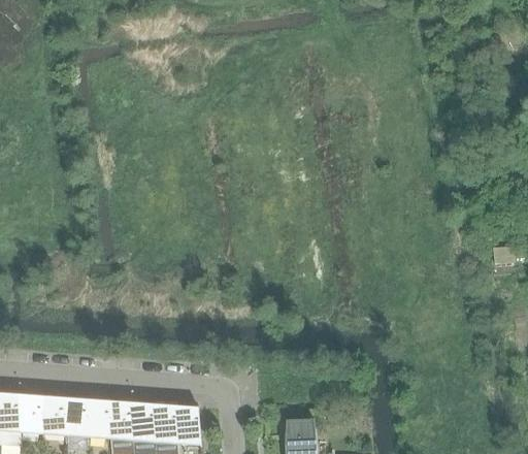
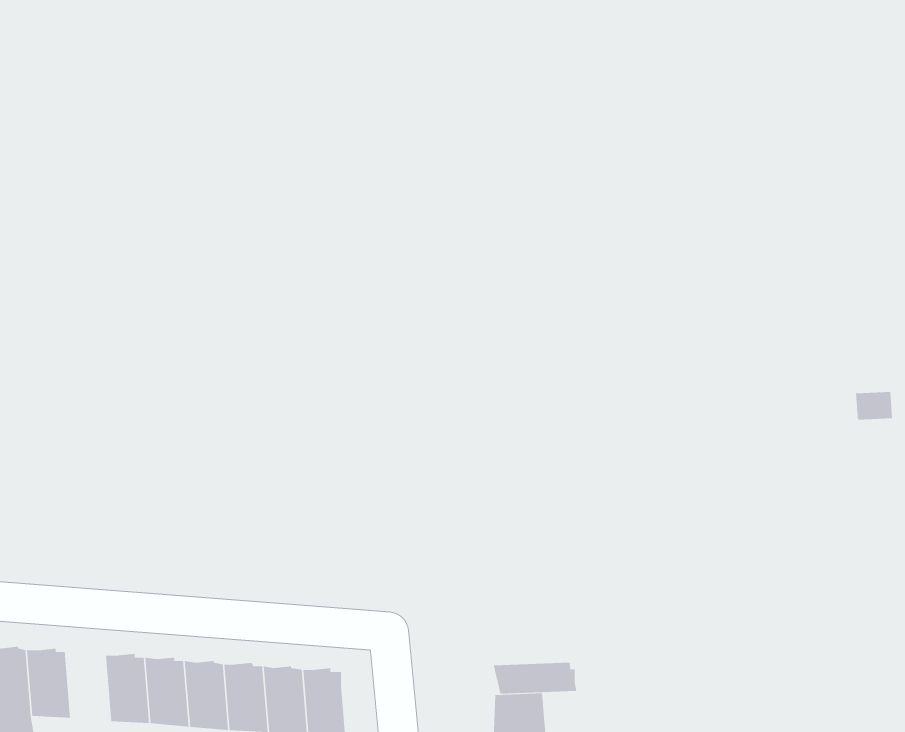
building: [39,396,65,436] -> none
building: none -> [493,662,577,694]

